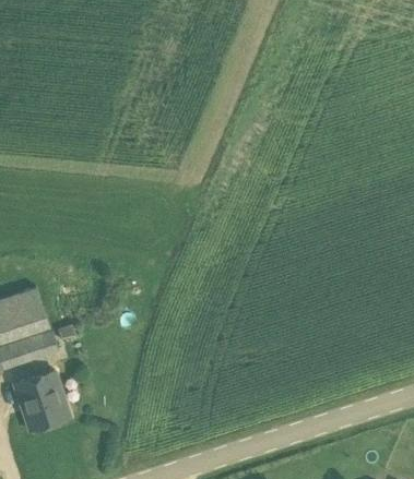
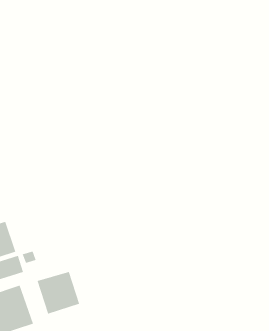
building: none -> [37,271,80,314]

